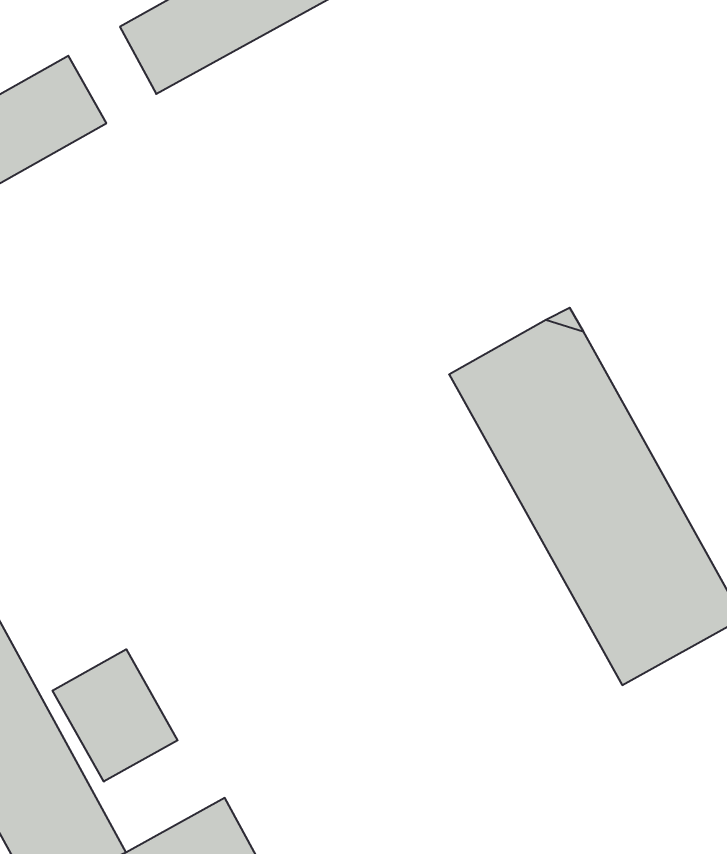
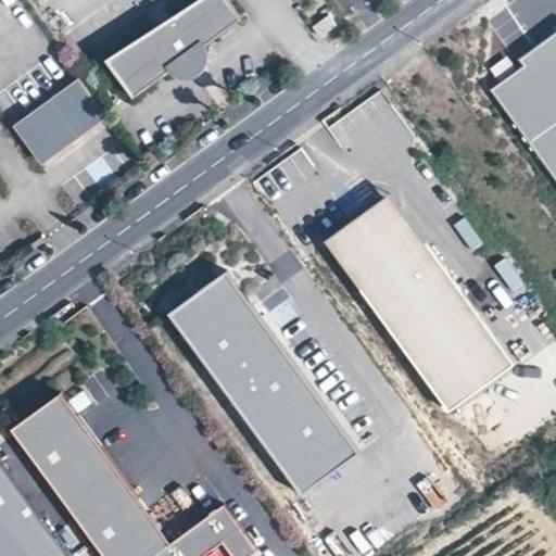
building: none -> [166,271,361,500]
building: [53,649,178,782] -> none

